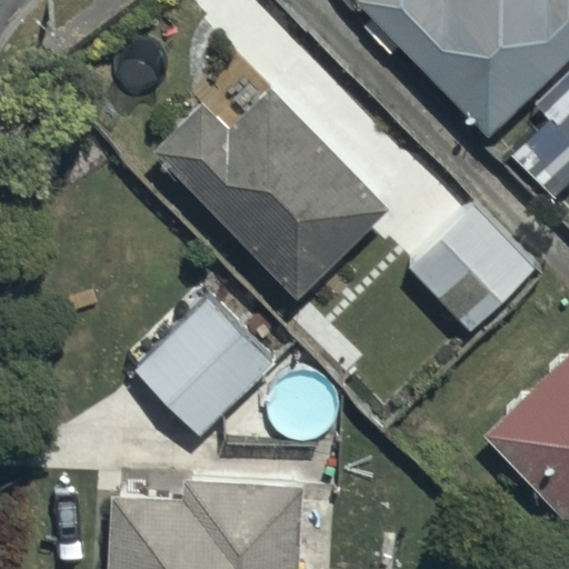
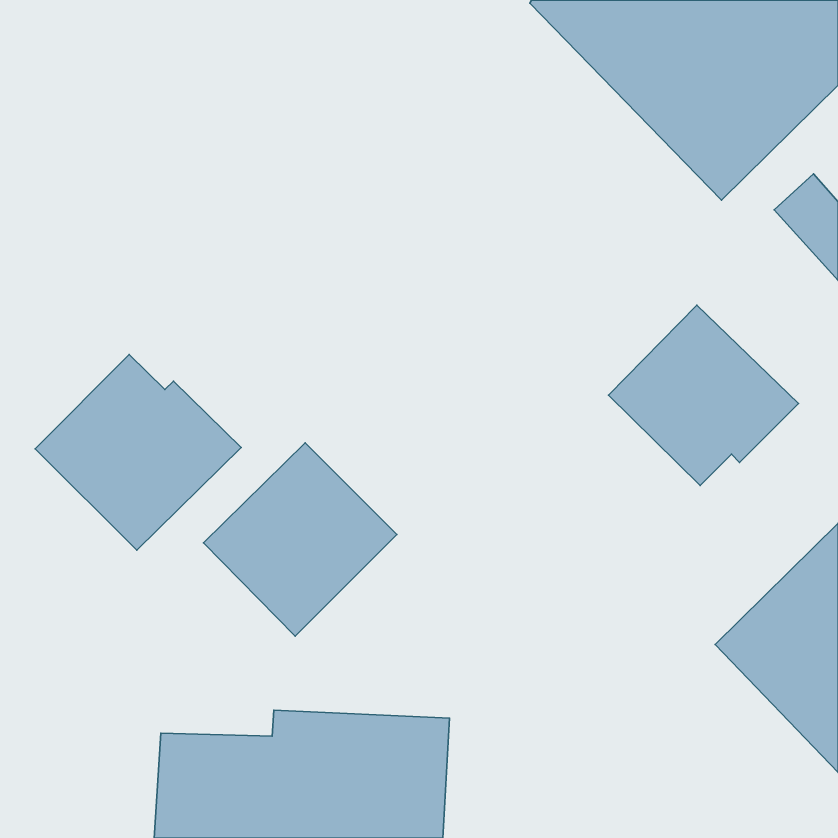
building: [156,89,390,301] -> none
building: none -> [35,355,241,550]

